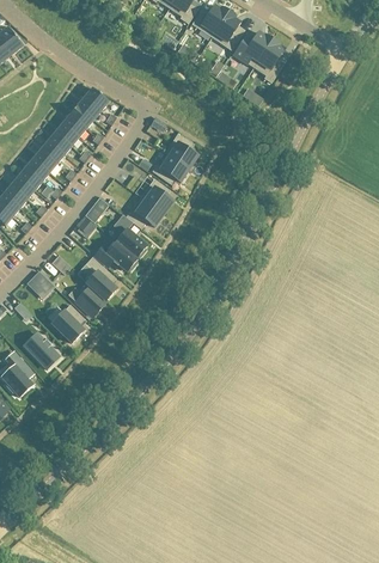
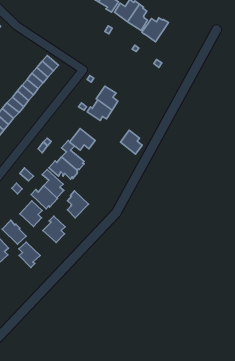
building: [252,38,283,82] -> none
building: [140,178,172,214] -> [120,130,142,154]
building: none -> [68,191,88,218]
building: none -> [43,216,65,242]
building: none -> [19,242,40,267]

